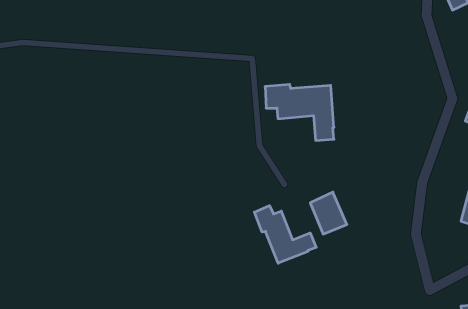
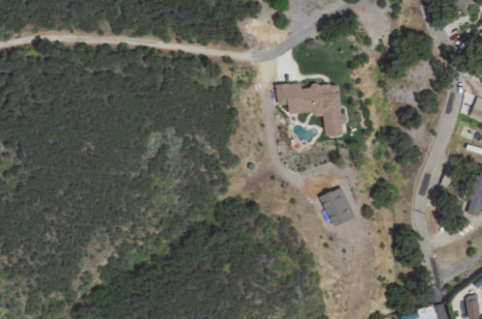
building: [254,206,316,263] -> none

